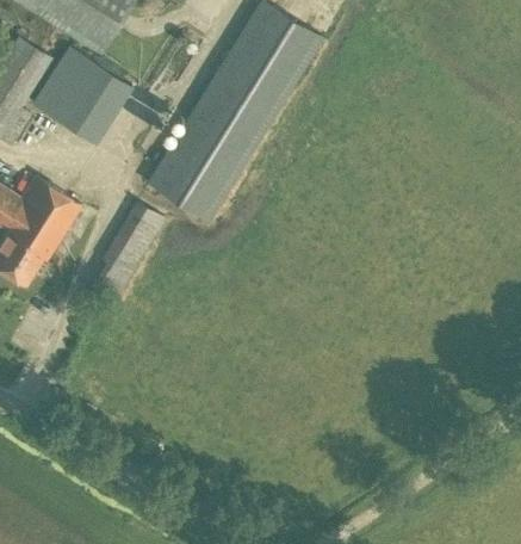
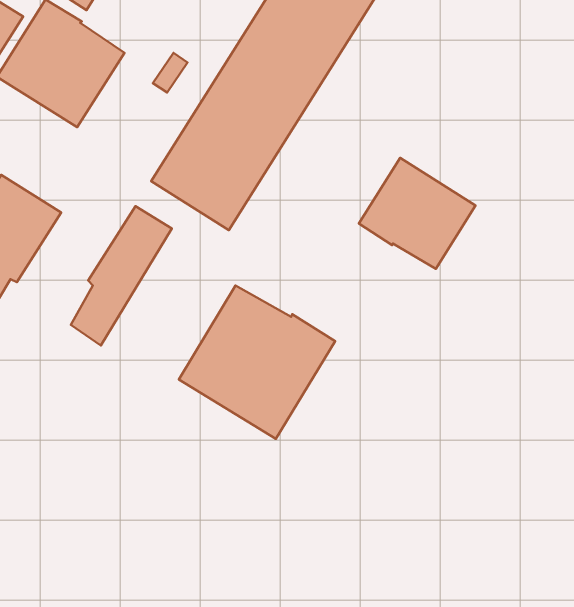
building: none -> [359,158,475,269]
building: none -> [179,285,335,439]

